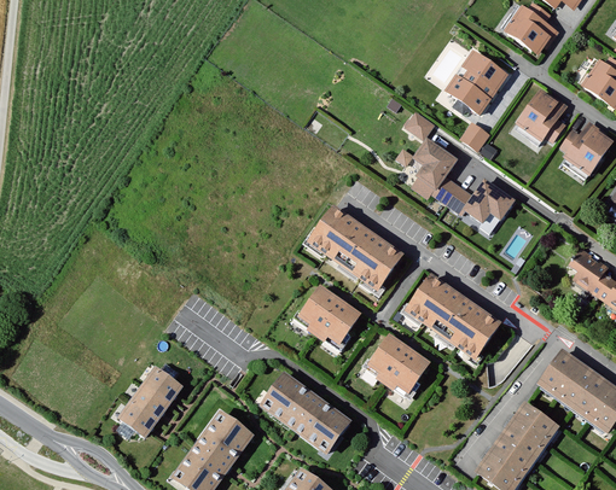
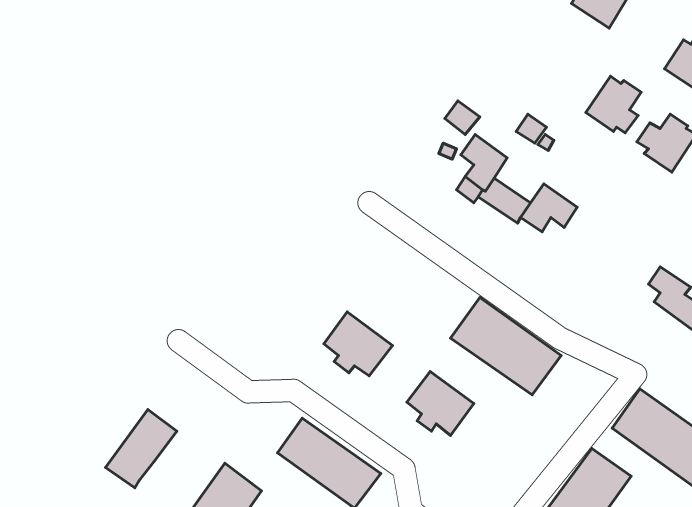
building: [449,54,506,112] -> none
building: [312,209,402,290] -> none

